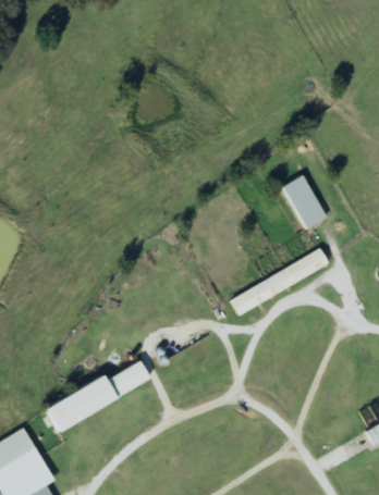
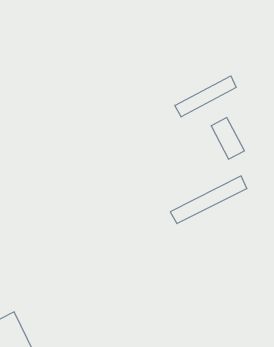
building: none -> [175,76,236,117]
building: [44,361,149,431] -> none

